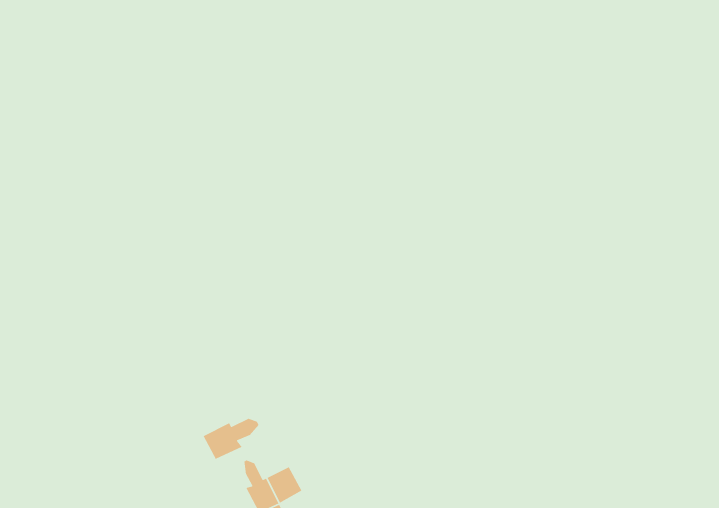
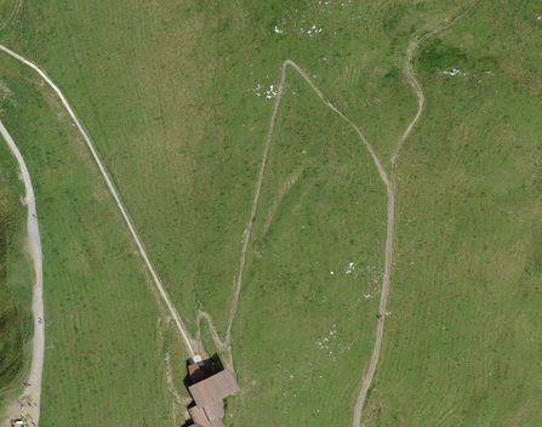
building: [202,418,260,461] -> none

